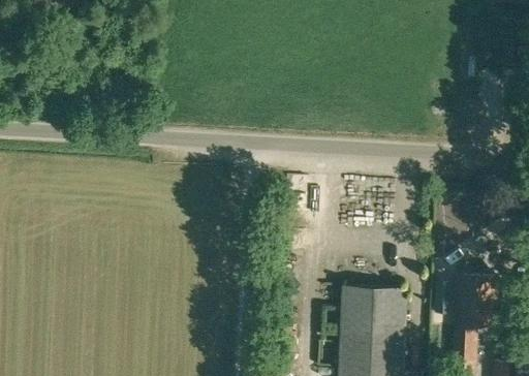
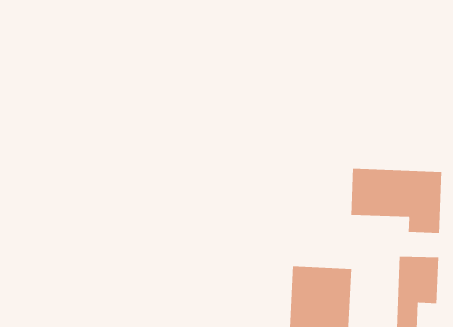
building: none -> [351,168,442,234]

